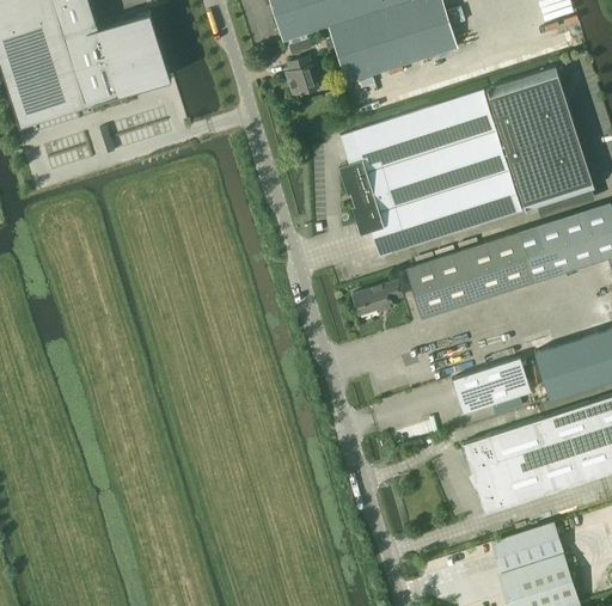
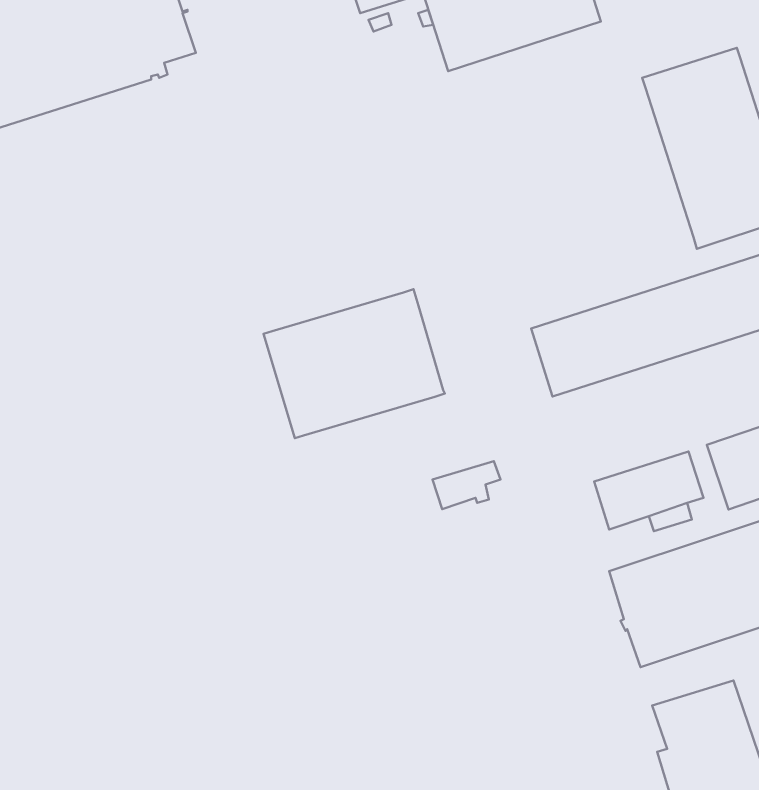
building: [288,56,317,96] -> none
building: [341,92,522,258] -> none
building: none -> [263,289,445,438]
building: [353,281,402,316] -> [432,461,500,509]

